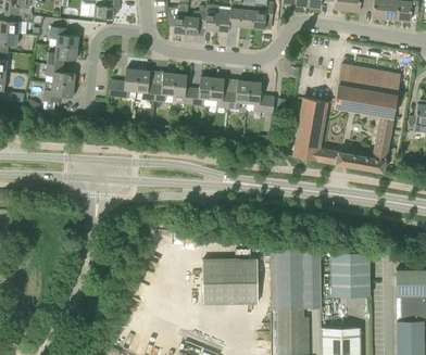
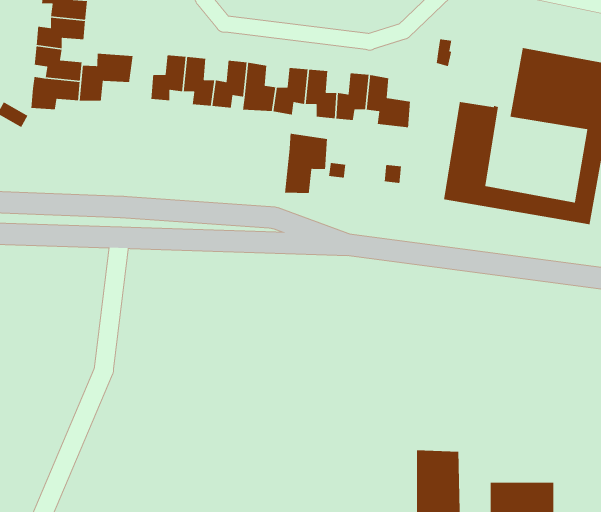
building: none -> [79,53,133,102]
building: none -> [284,133,328,194]
building: [270,242,321,309] -> none
building: [330,252,369,297] -> none
building: [202,259,258,304] -> none

